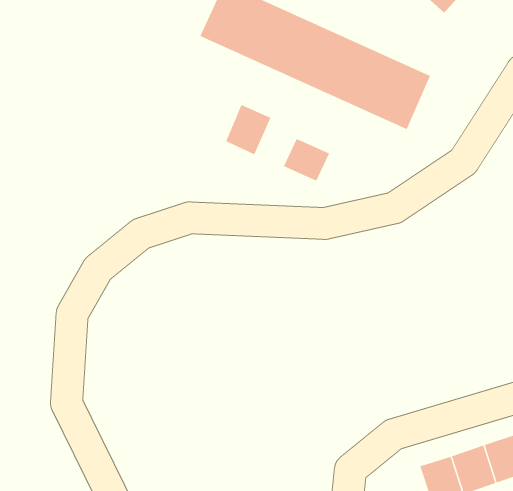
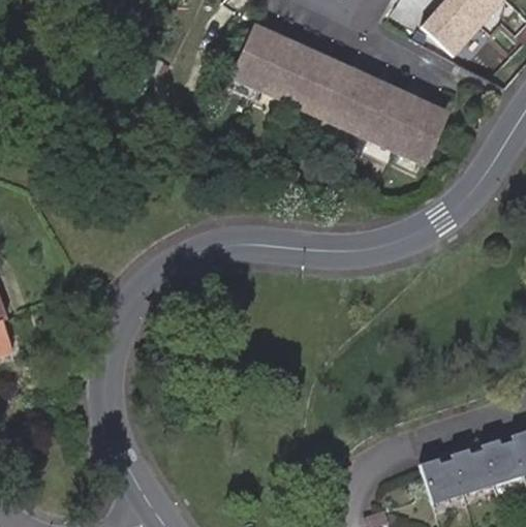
building: [225,104,271,155] -> none
building: [283,138,330,181] -> none

